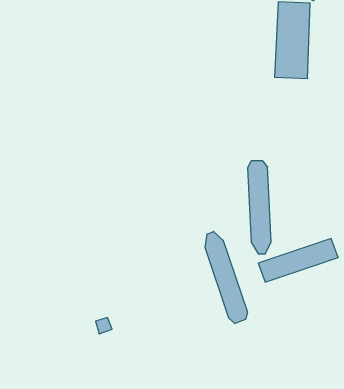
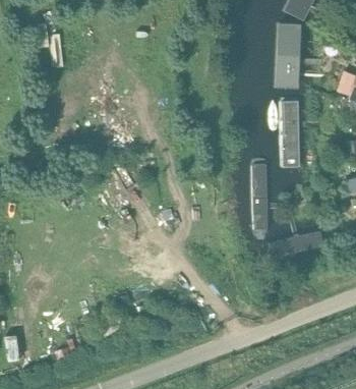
building: none -> [279,99,299,167]
building: [205,231,248,324] -> none

